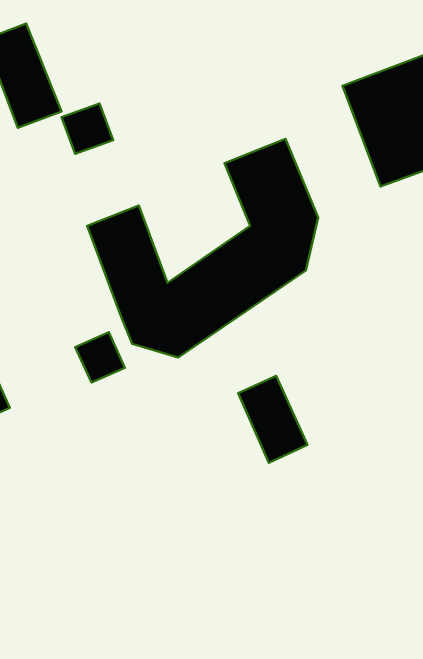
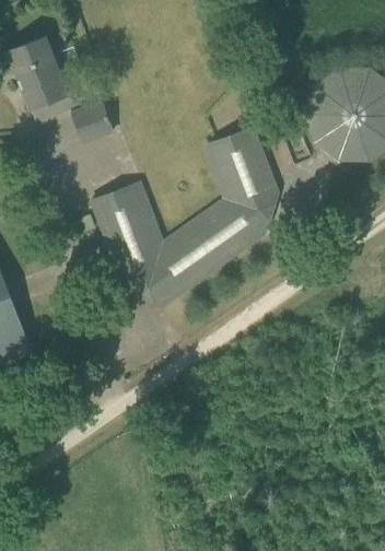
building: [75,332,125,383] -> none
building: [238,376,308,463] -> none

